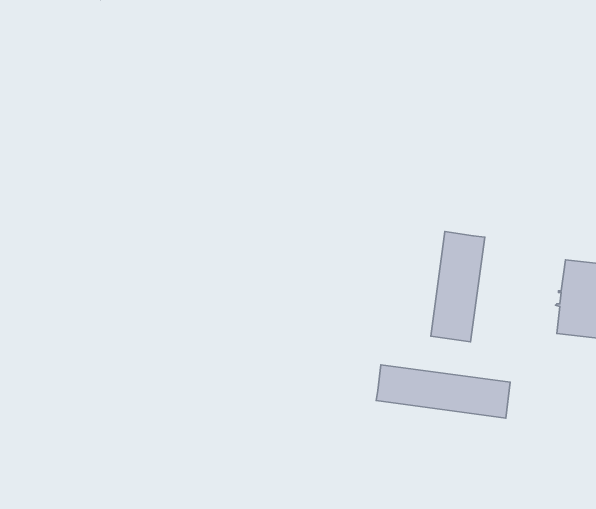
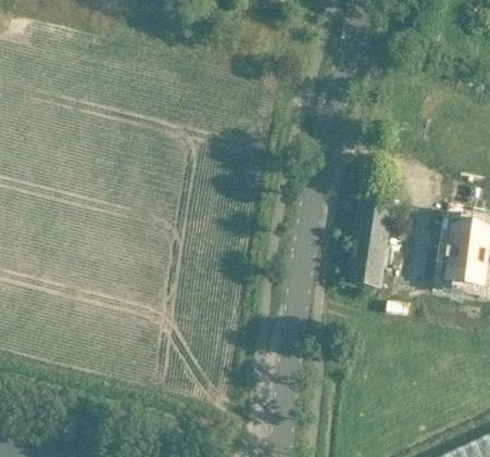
building: [376,365,510,418] -> none

